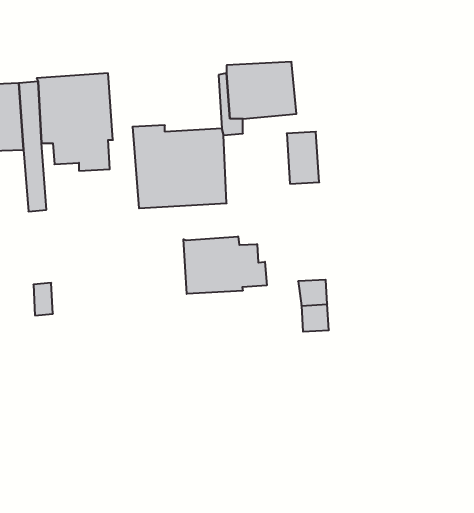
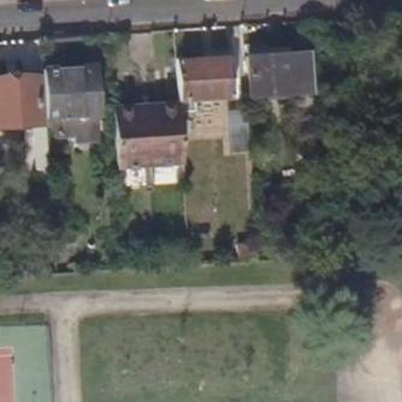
building: none -> [250,51,317,96]
building: [183,236,267,294] -> none

